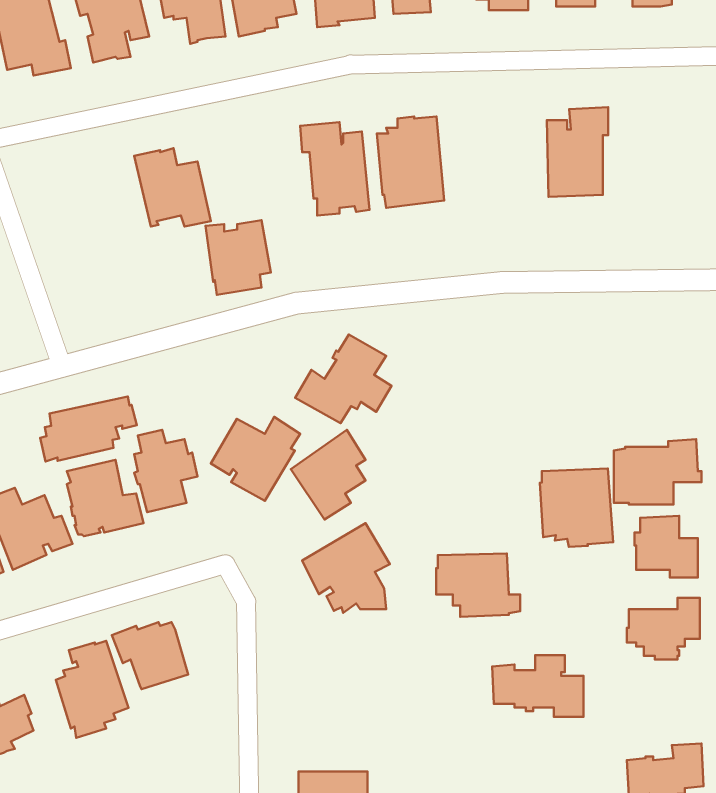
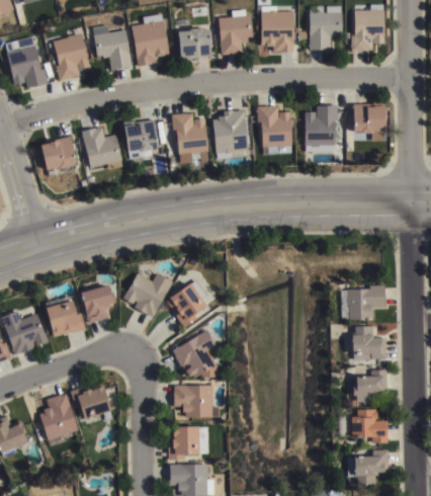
building: none -> [354,101,387,140]
building: none -> [257,105,292,154]
building: none -> [39,136,76,170]
building: [206,220,271,295] -> [123,118,159,159]
building: [295,335,391,423] -> none
building: [40,397,137,462] -> none
building: [540,469,613,547] -> none
building: [436,553,520,617] -> [173,385,219,419]
building: [492,655,584,717] -> [339,410,389,443]
building: none -> [168,426,208,461]

